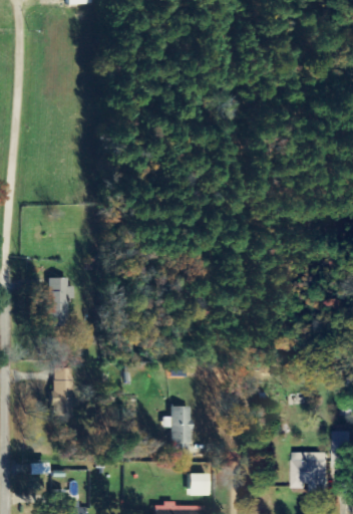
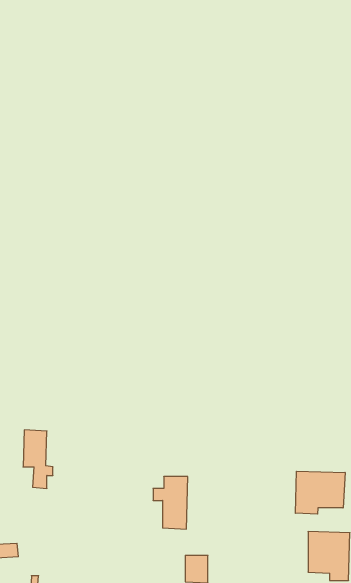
building: [48,276,74,324] -> none
building: none -> [295,471,345,514]

